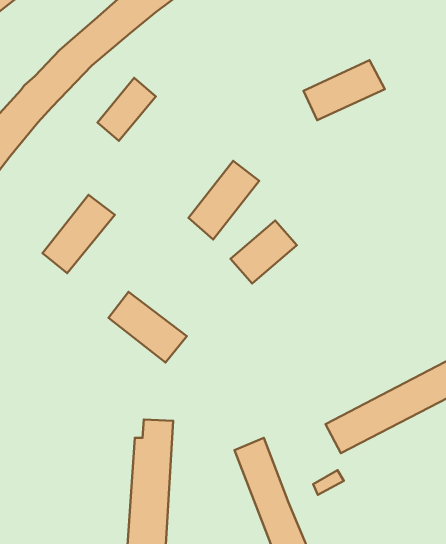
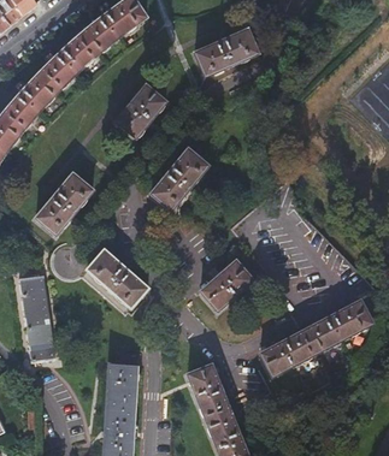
building: [303,60,385,120] -> [195,29,259,76]
building: [97,78,156,141] -> [118,85,164,135]
building: [231,220,297,283] -> [201,259,253,308]
building: none -> [22,276,55,362]

